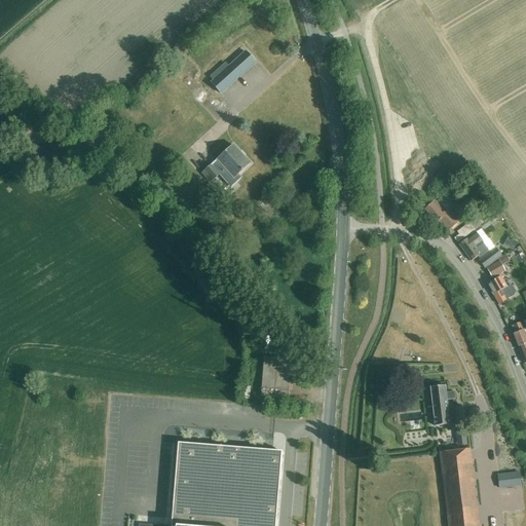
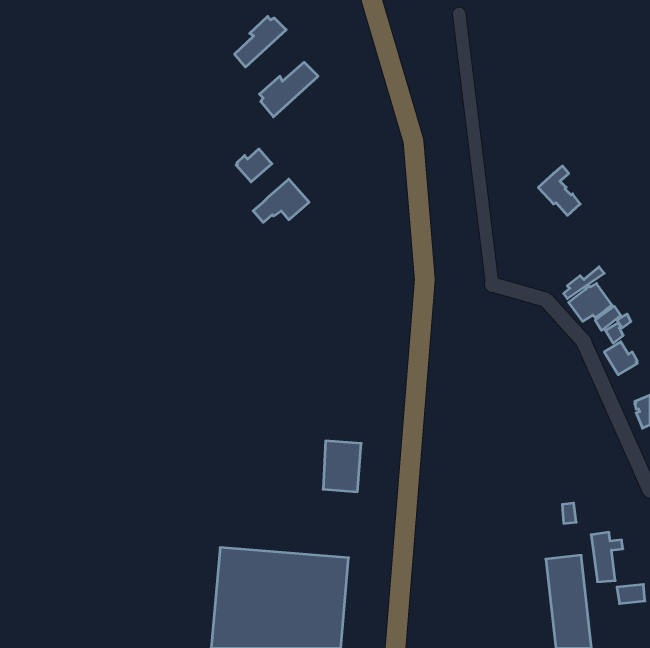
building: none -> [235,16,286,67]
building: none -> [236,149,272,182]
building: [424,191,458,231] -> [538,166,580,215]
building: [430,385,456,425] -> [591,532,623,582]

